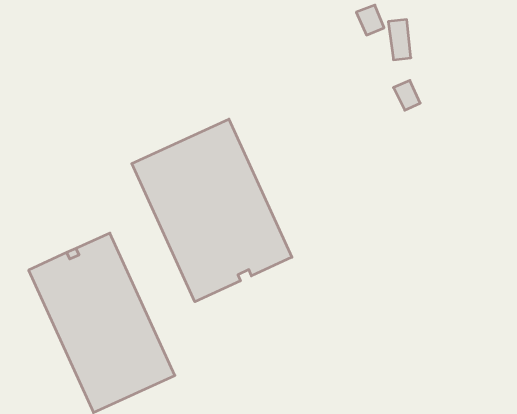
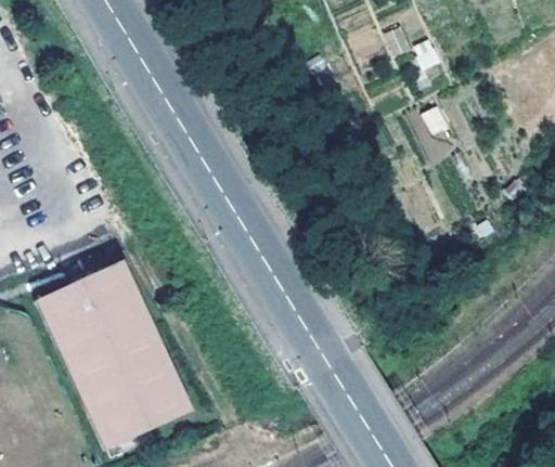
building: [132,119,292,302] -> none

